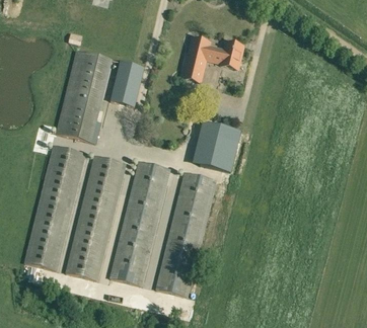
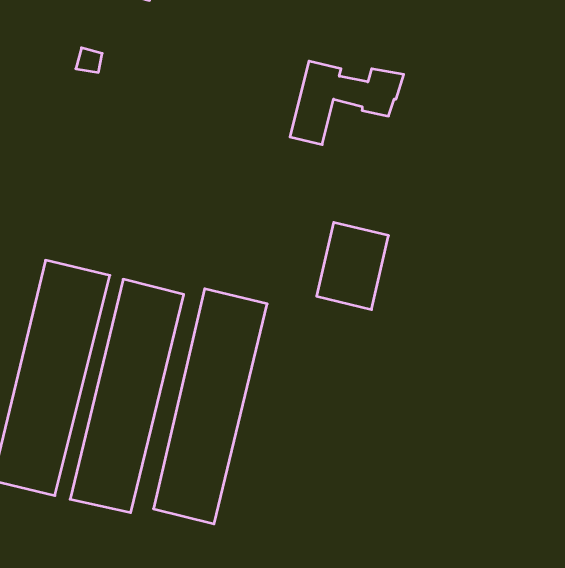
building: [57,50,114,144] -> none
building: [111,61,147,106] -> none
building: [157,172,219,297] -> none

